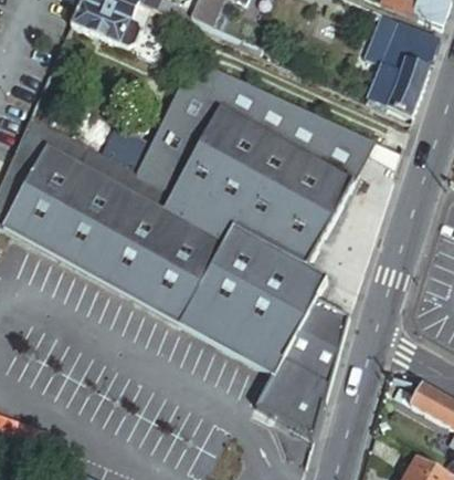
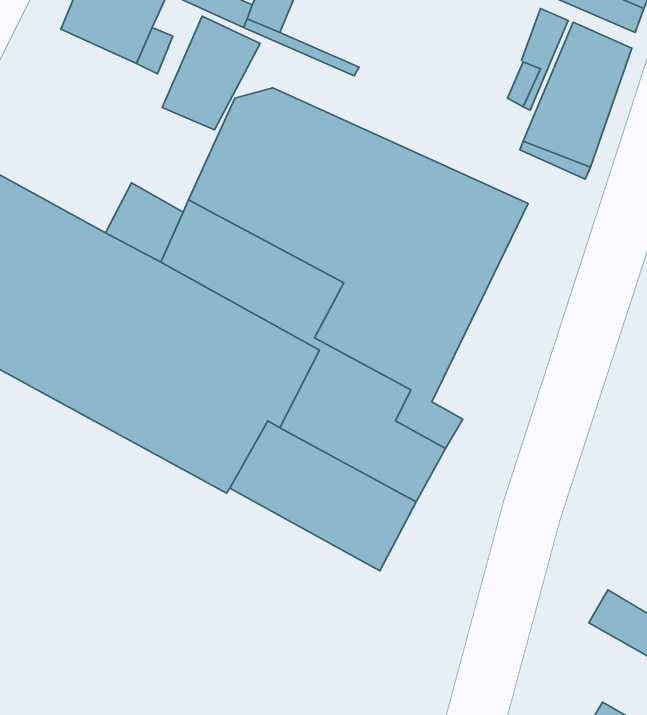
building: none -> [162,16,260,130]
building: [257,293,350,436] -> none

